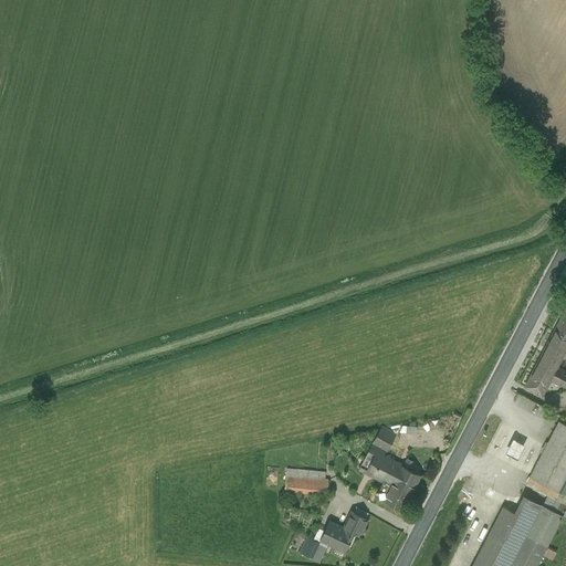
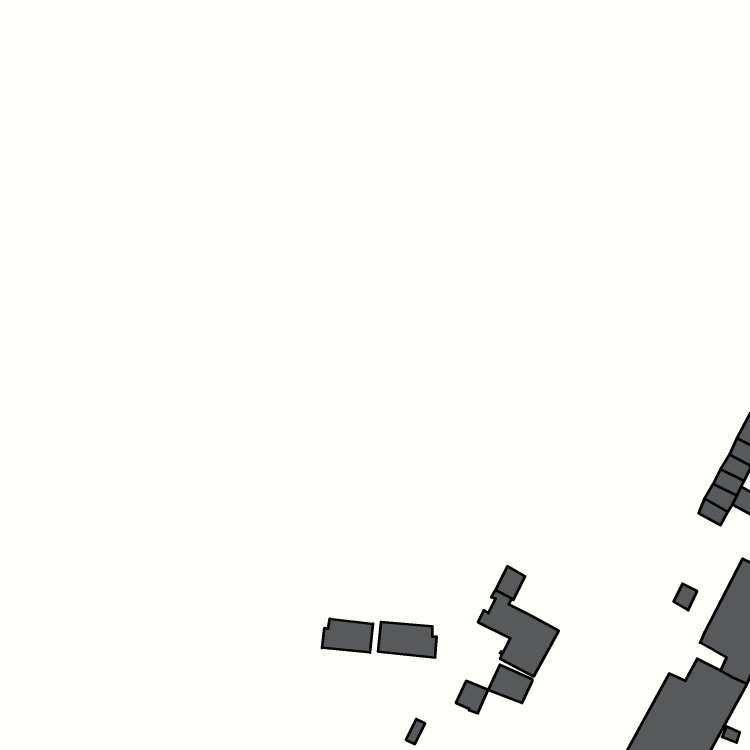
building: none -> [322,619,373,653]
building: [321,523,354,552] -> [488,665,532,703]

